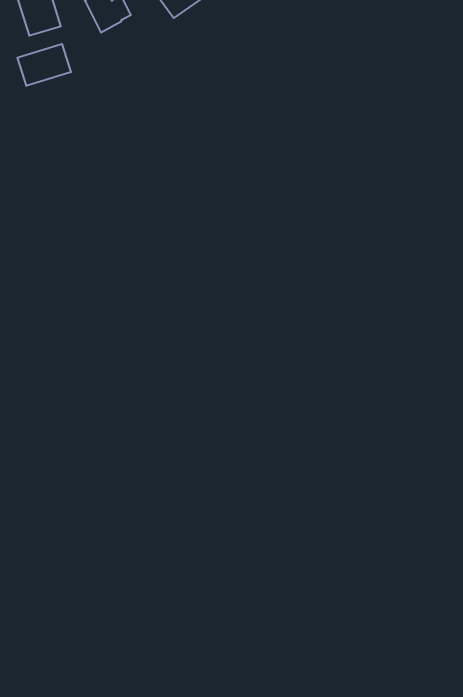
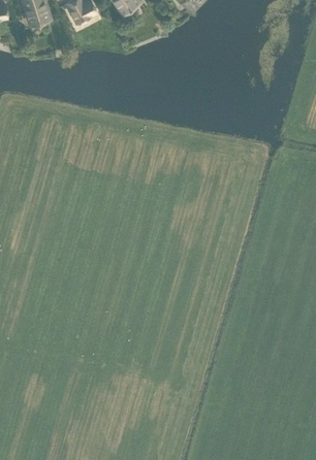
building: [17,44,71,86] -> none

